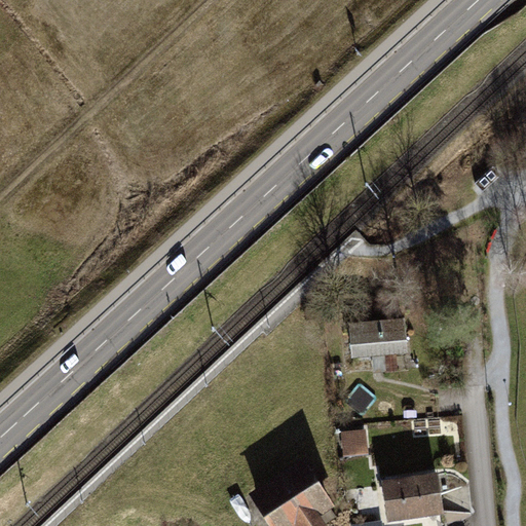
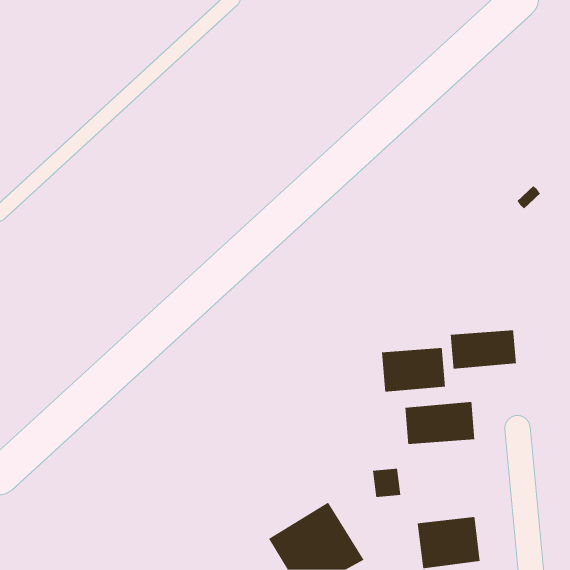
building: none -> [450,329,516,369]
building: none -> [405,401,475,445]

